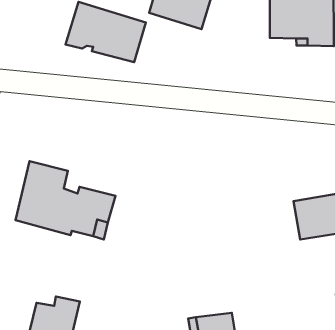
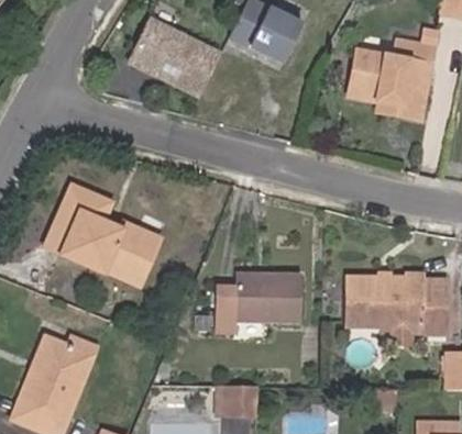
building: none -> [218,272,299,326]

